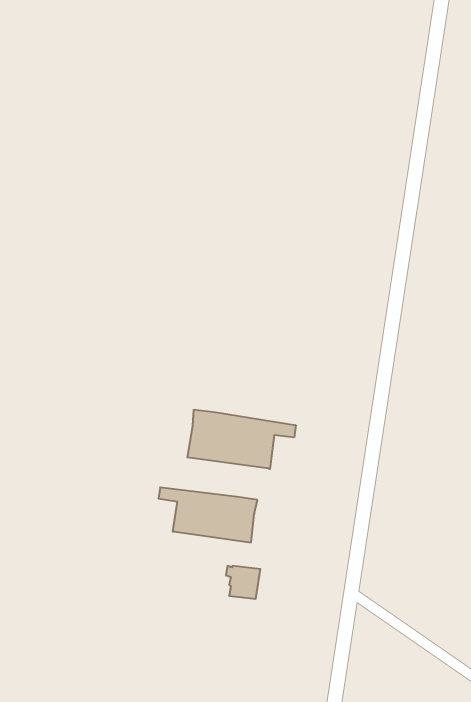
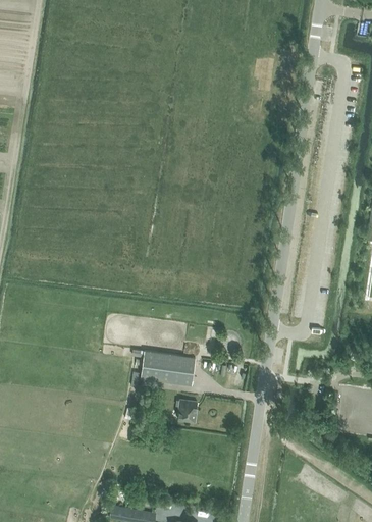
building: [188,410,296,469] -> none

